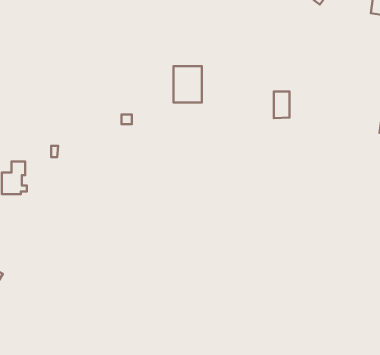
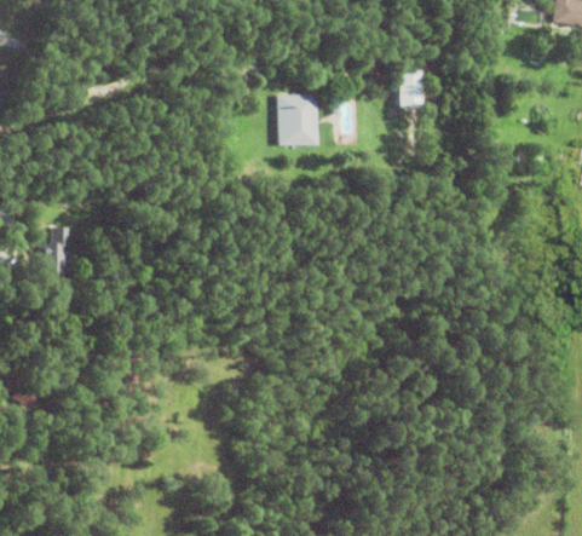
building: [274,91,290,118] -> [401,70,422,108]

